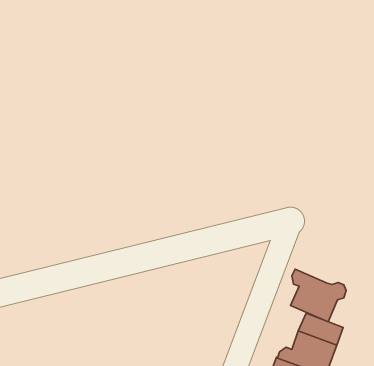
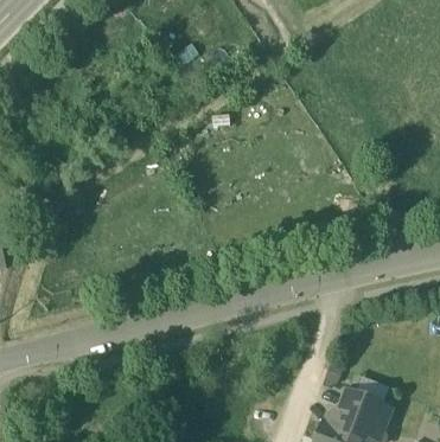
building: [290,269,346,322] -> none

